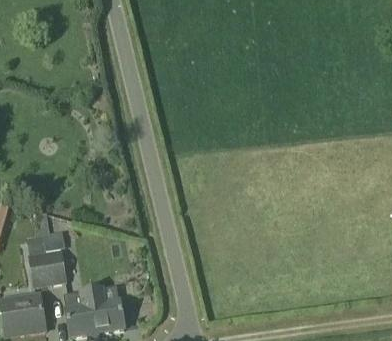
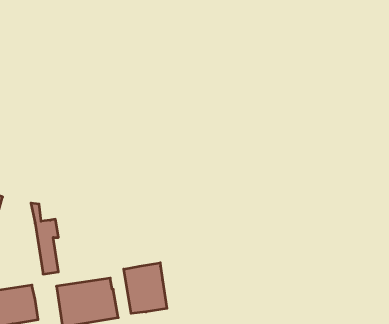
building: [26,234,50,287] -> none
building: none -> [124,263,167,313]

